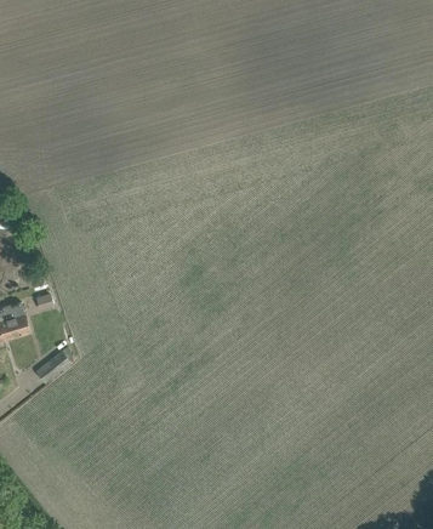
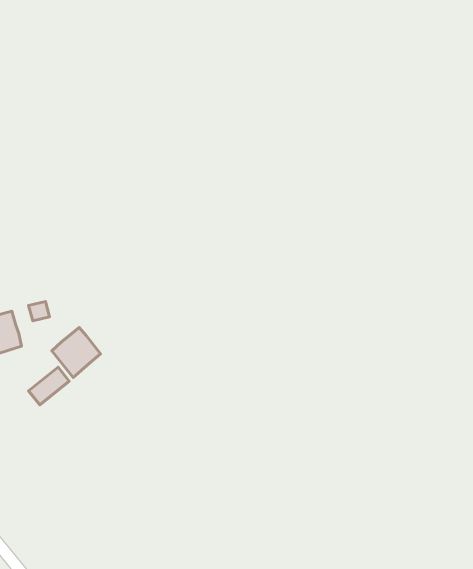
building: none -> [52,327,101,378]

